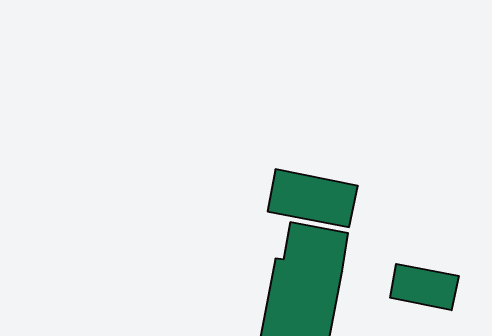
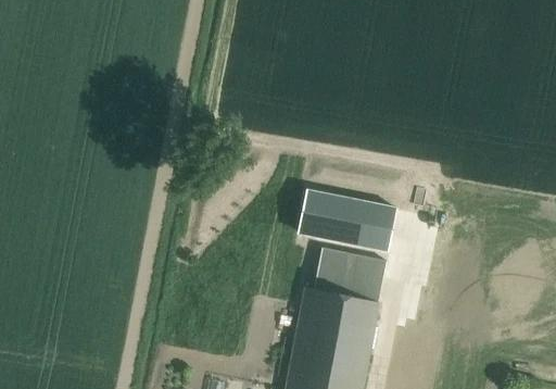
building: [390,264,459,310] -> none

